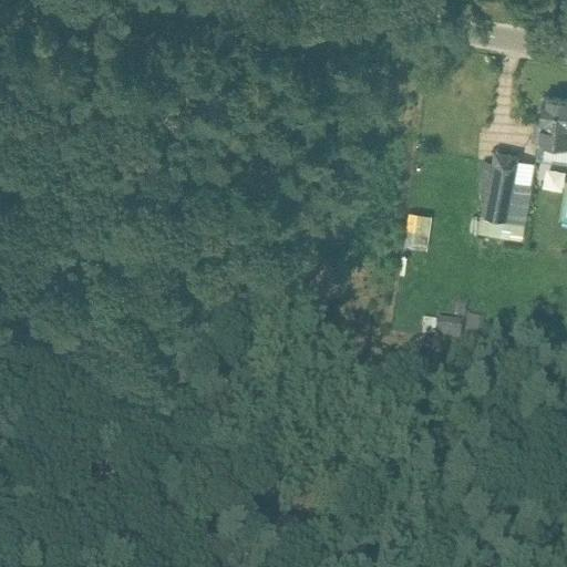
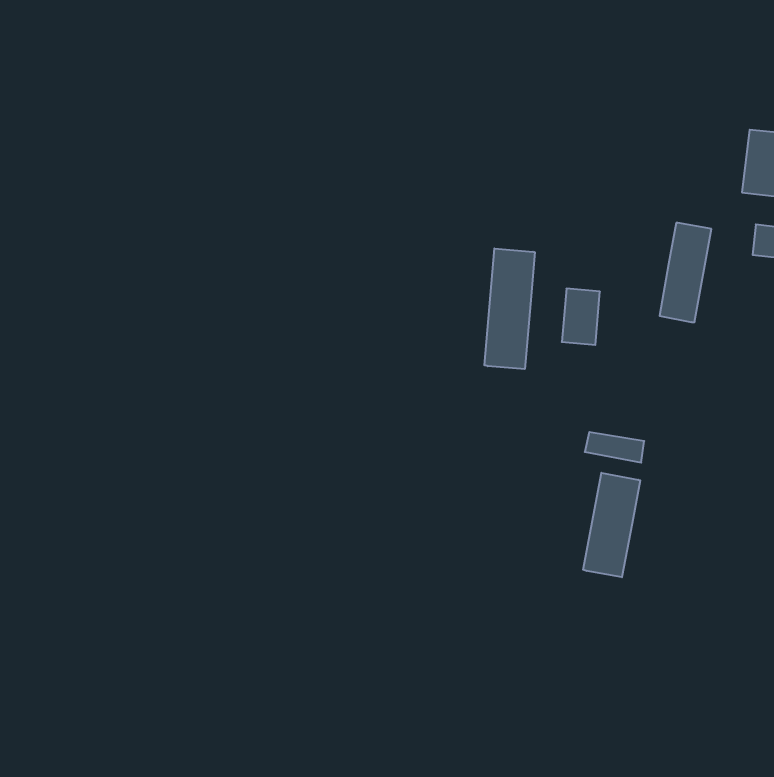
building: none -> [484,248,535,369]
building: none -> [583,473,640,577]

